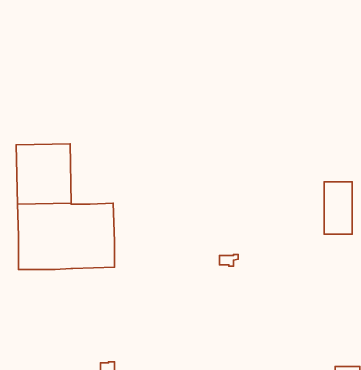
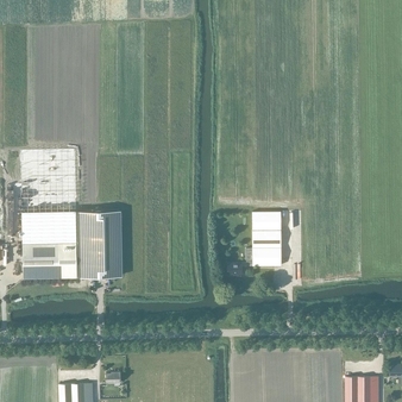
building: [324,182,352,234] -> [253,212,282,265]

